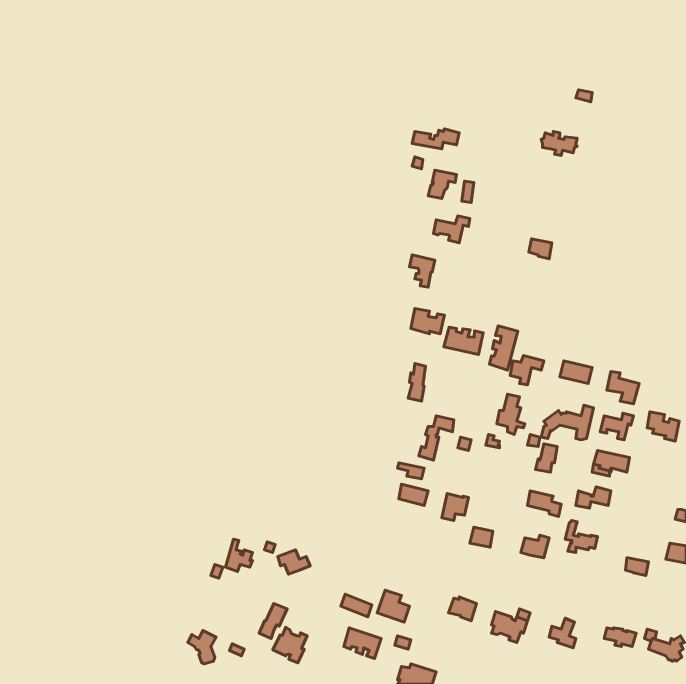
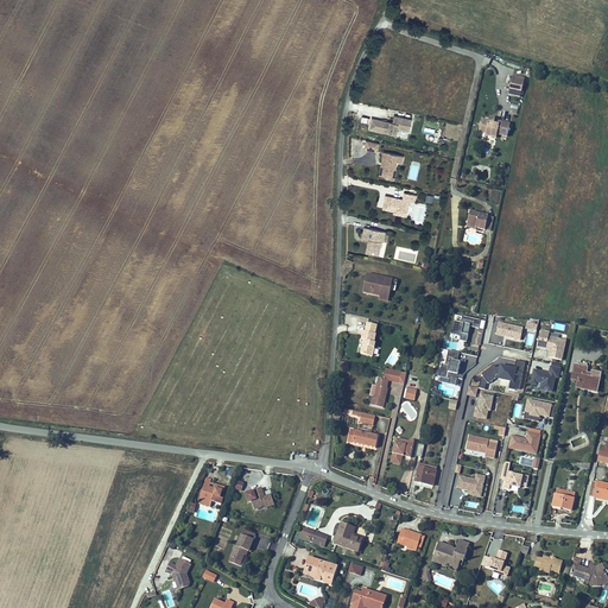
building: [490,326,518,370] -> none
building: [444,327,483,354] -> none
building: [273,627,307,663] -> none

